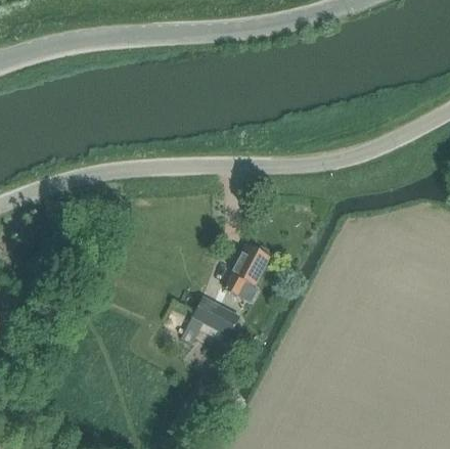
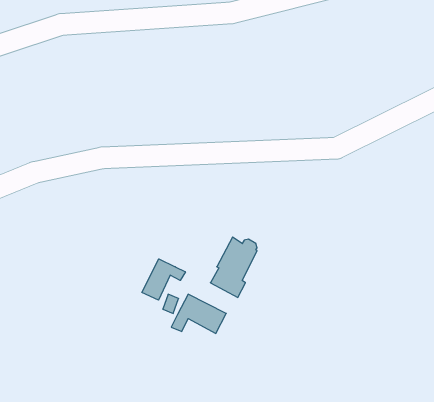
building: none -> [142,259,185,300]

